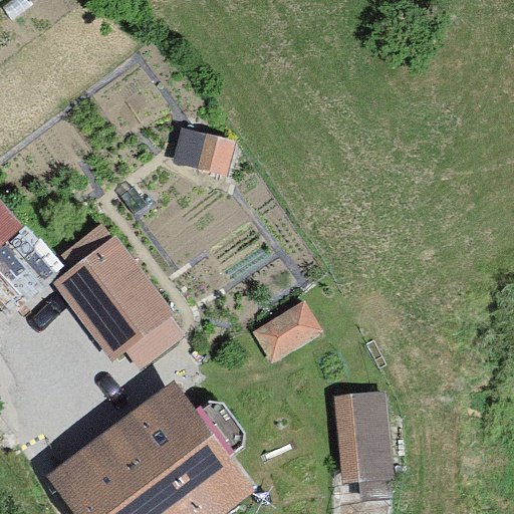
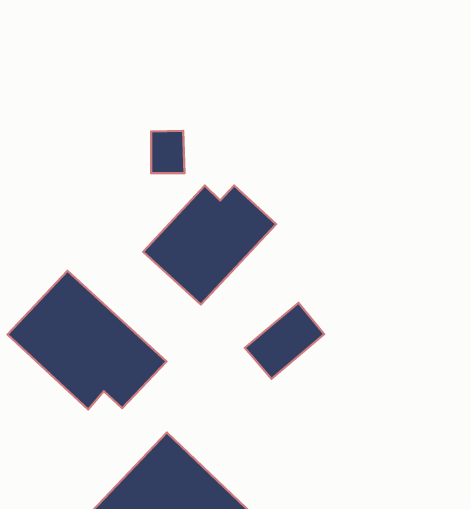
building: none -> [143,185,276,305]
building: [338,390,389,481] -> none

